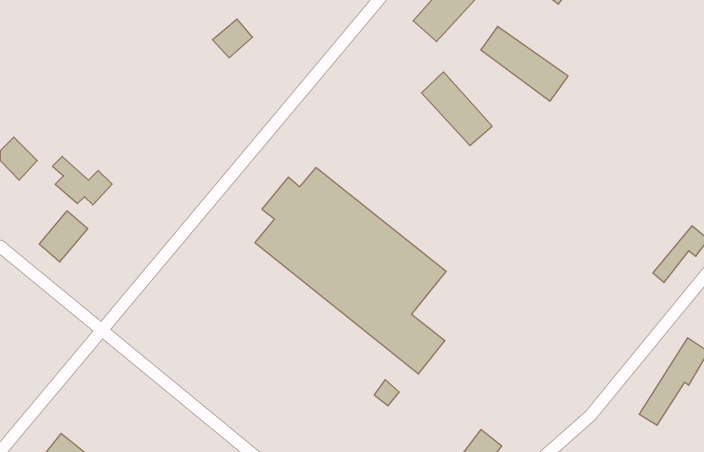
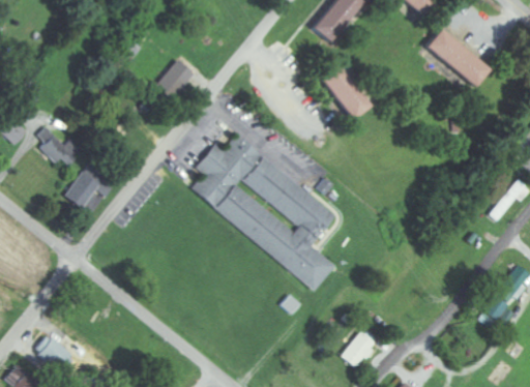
building: [212,19,253,58] -> [165,62,195,91]
building: [481,26,568,101] -> [426,30,492,86]
building: [39,211,88,262] -> [65,172,101,210]

